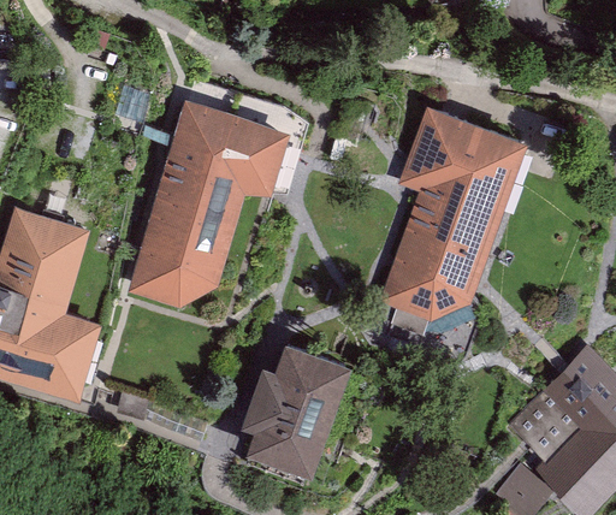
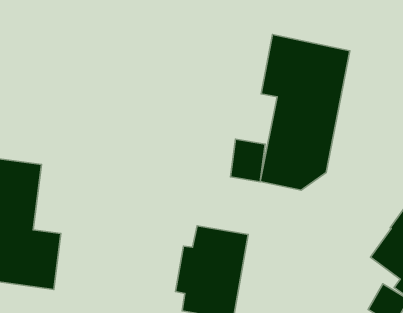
building: [126,102,288,308] -> none
building: none -> [231,139,265,182]

